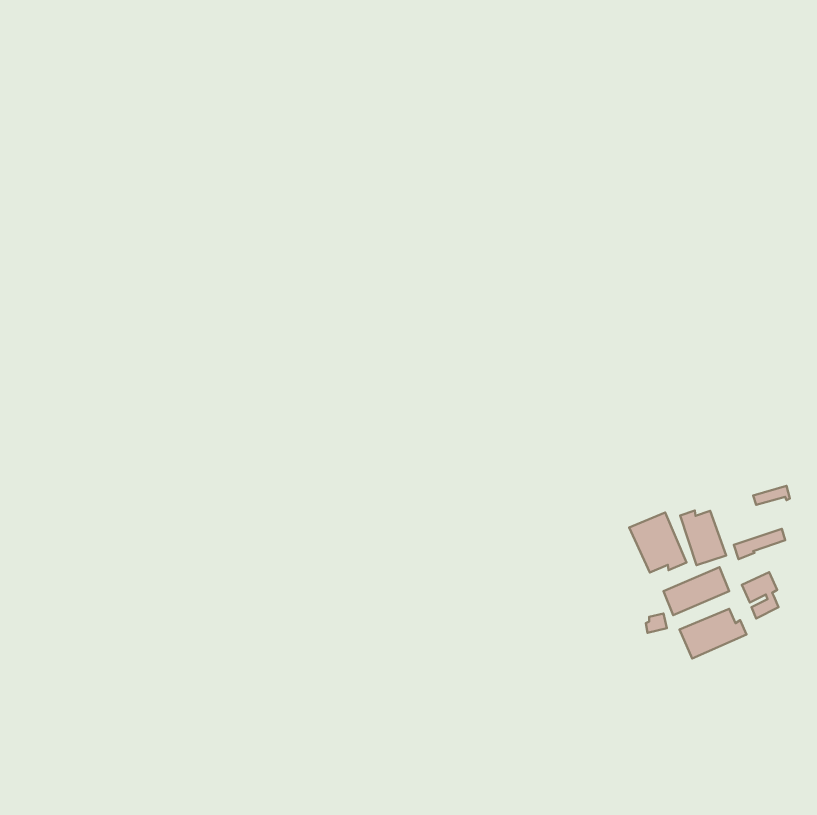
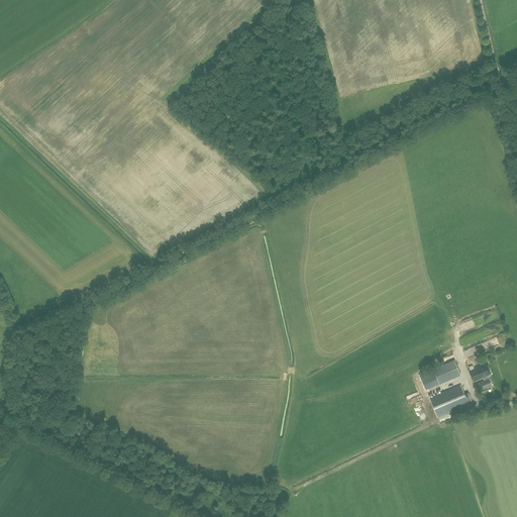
building: [680,511,726,565] -> none
building: [629,512,687,573] -> none

